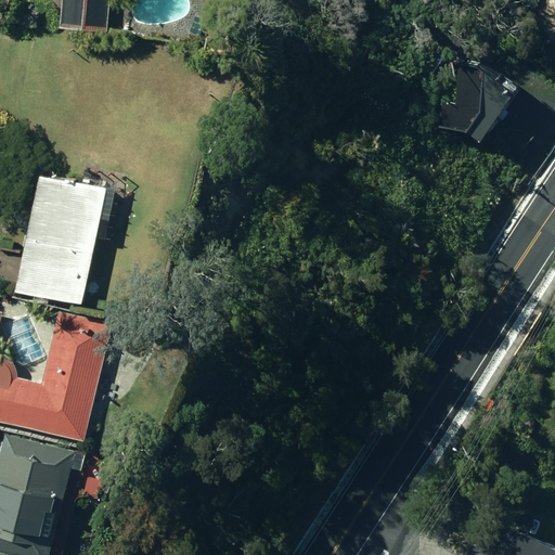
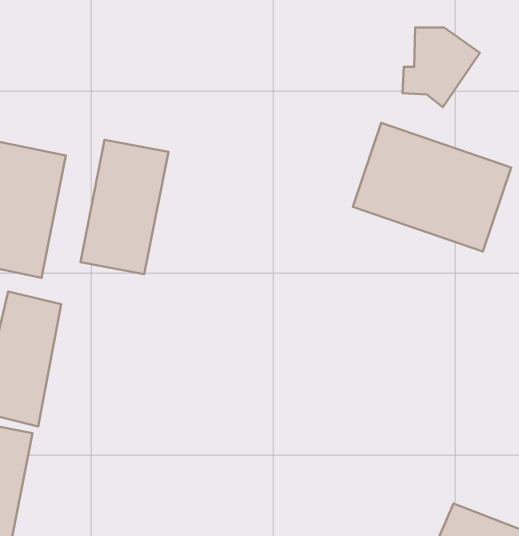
building: none -> [353,123,511,251]
building: none -> [80,140,168,274]

